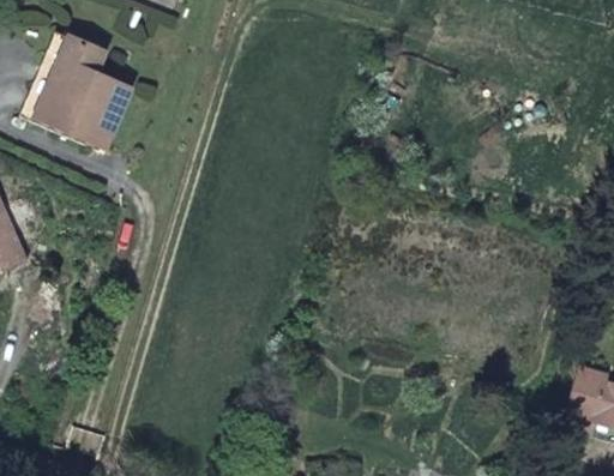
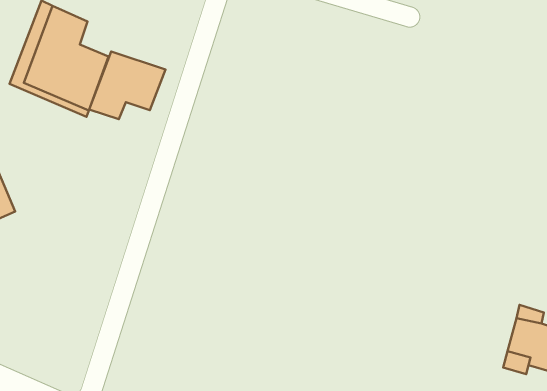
building: none -> [89,52,165,119]

